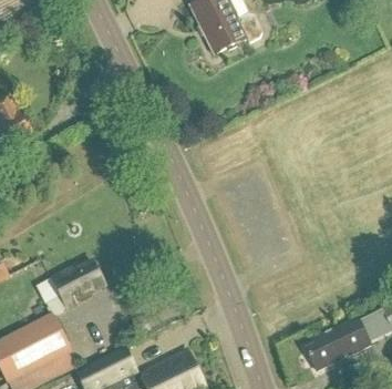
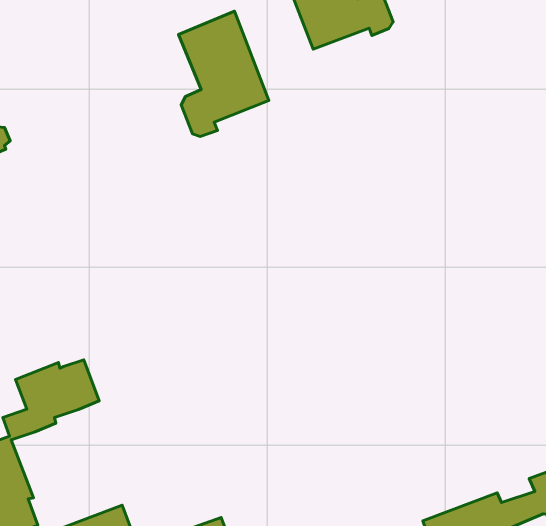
building: none -> [179,11,269,136]

